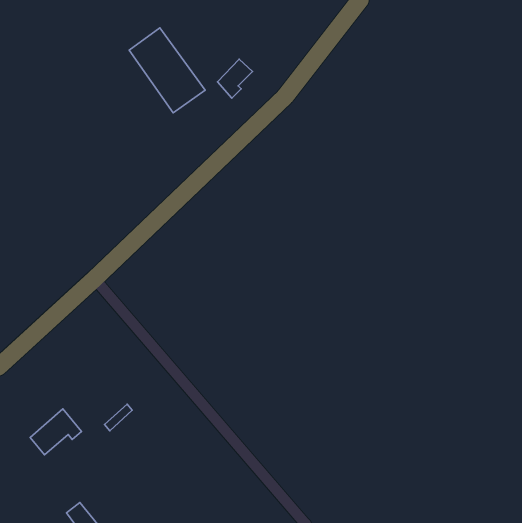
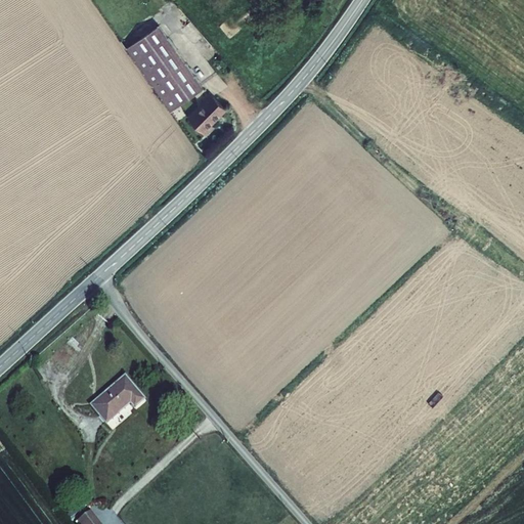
building: [218,59,252,98] -> [192,98,227,137]
building: [30,409,81,455] -> [83,370,134,417]

